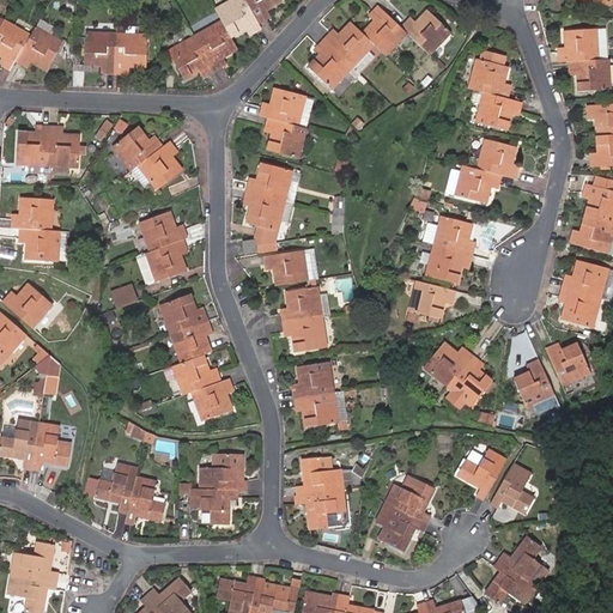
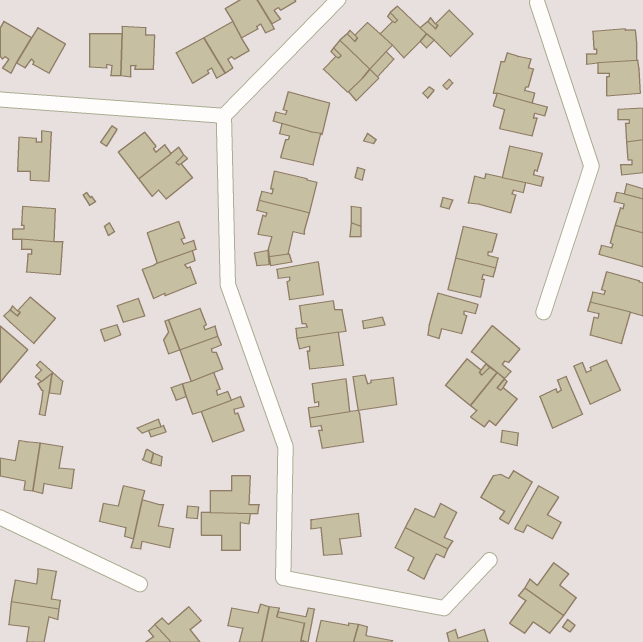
building: [47,126,79,174] -> none
building: none -> [471,326,520,379]
building: none -> [353,375,396,410]
building: [296,456,344,494] -> none

